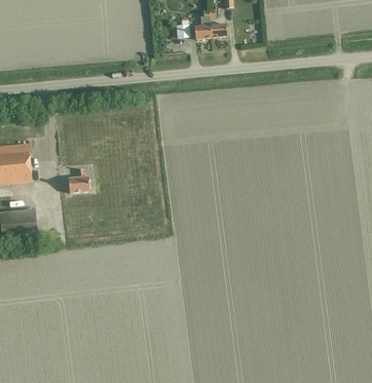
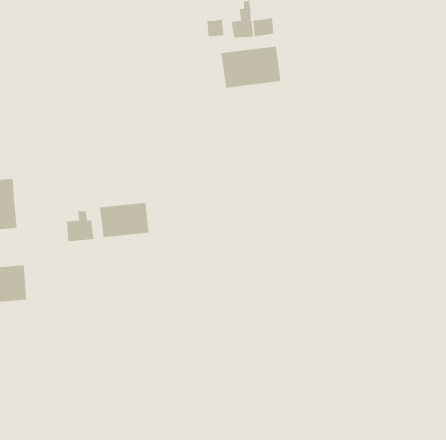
building: none -> [221,46,281,88]
building: none -> [100,202,149,238]

